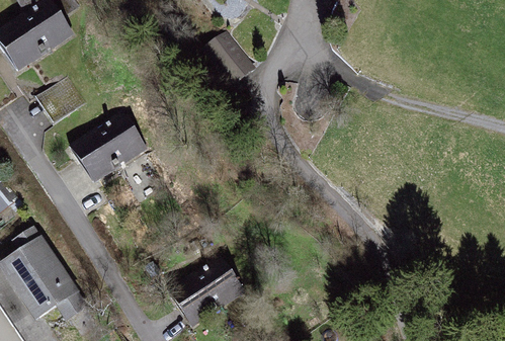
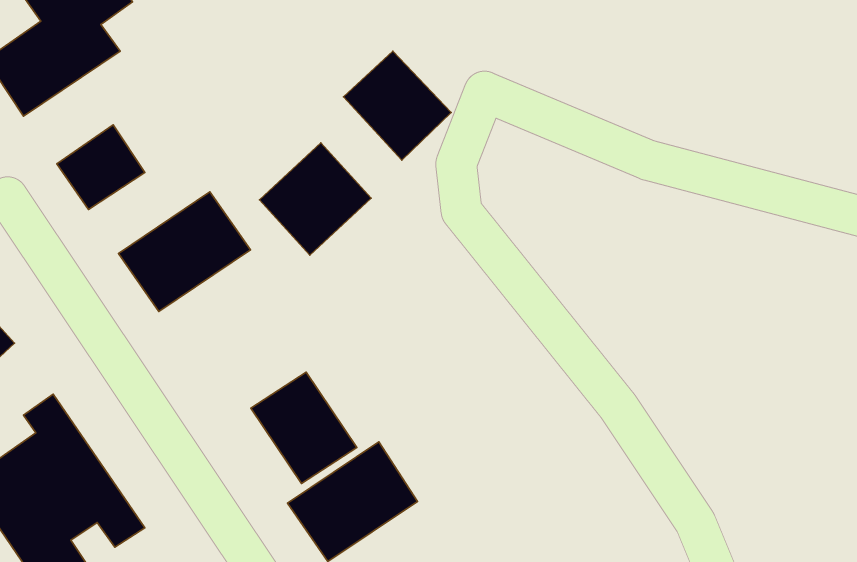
building: none -> [260,143,371,255]
building: none -> [251,372,357,484]

